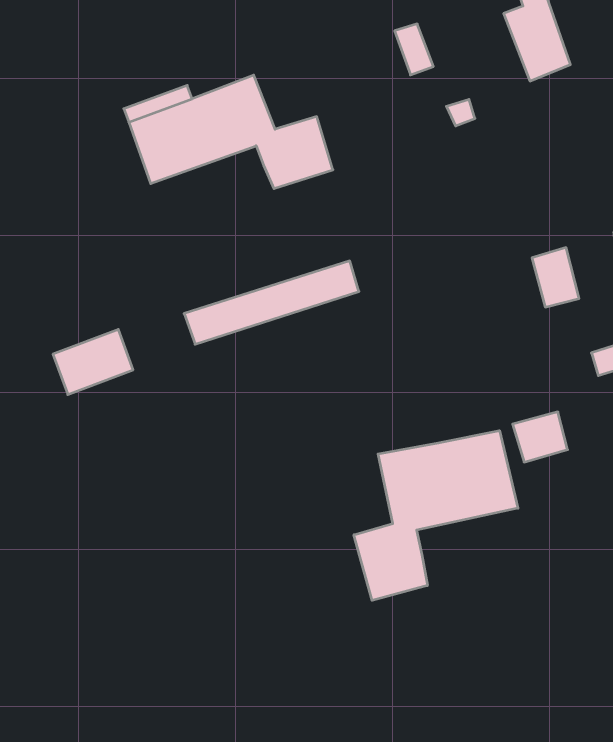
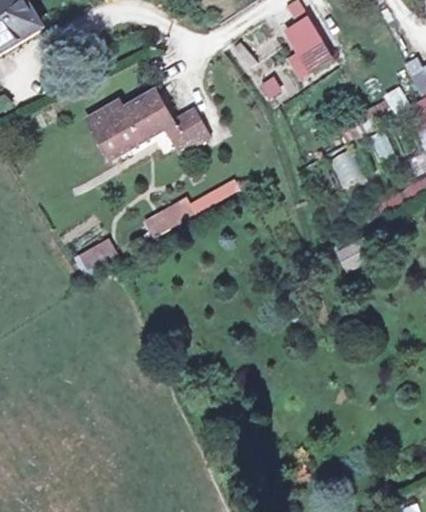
building: [354,431,518,600] -> none

